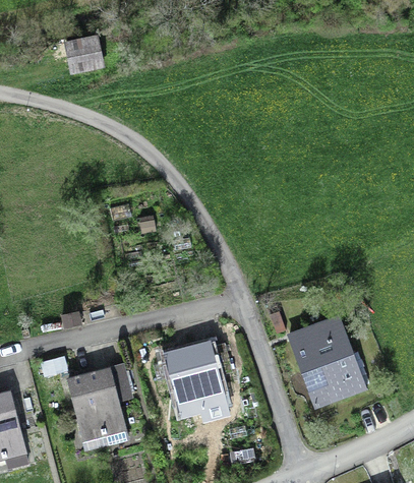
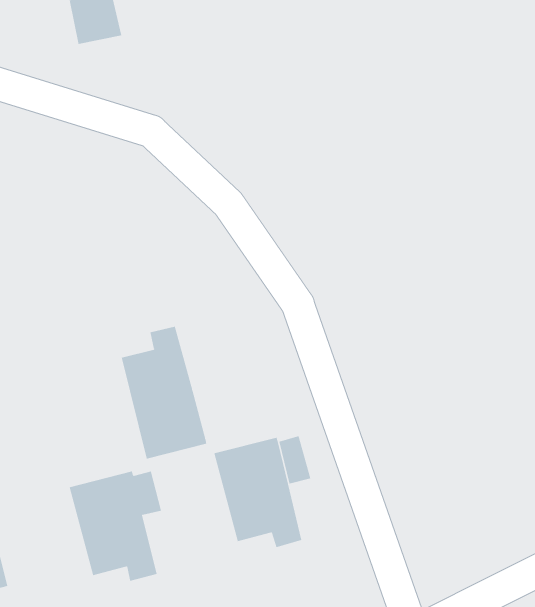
building: none -> [121,326,207,459]
building: [289,314,366,408] -> none

